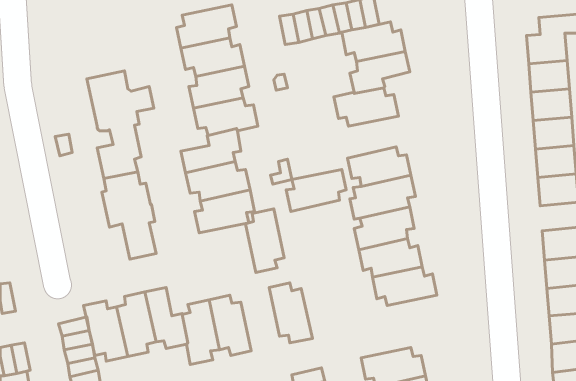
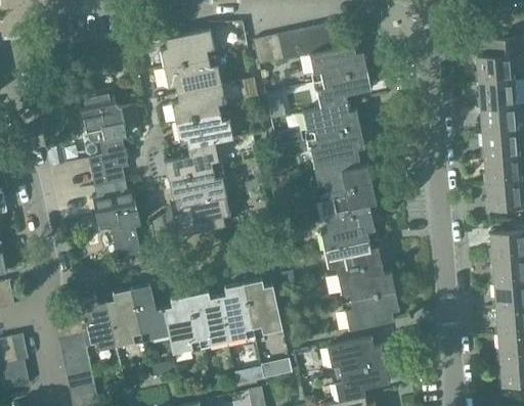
building: [286,169,346,211] -> [310,131,364,169]
building: [246,209,284,272] -> [218,285,253,343]
building: none -> [345,292,399,331]

